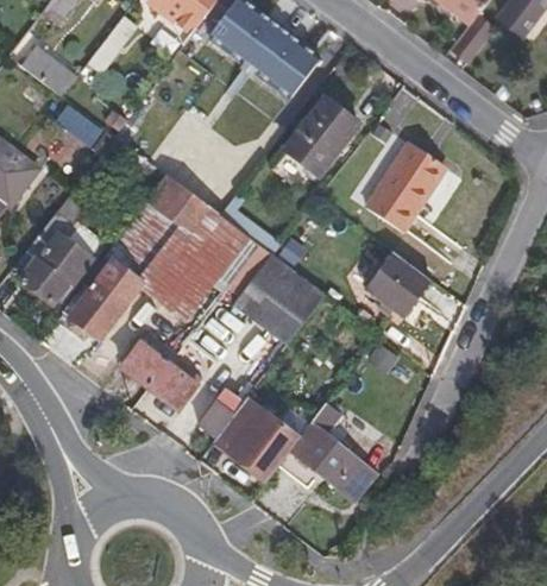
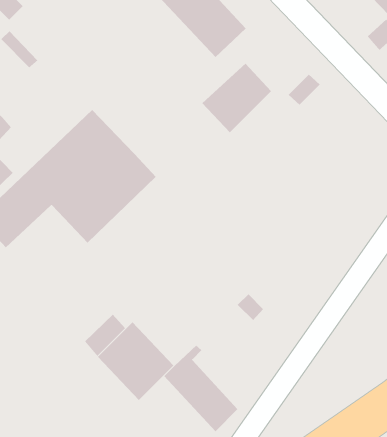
building: [367,141,446,231] -> none
building: [235,244,326,344] -> none
building: [363,250,428,315] -> none
building: [122,346,196,411] -> none

